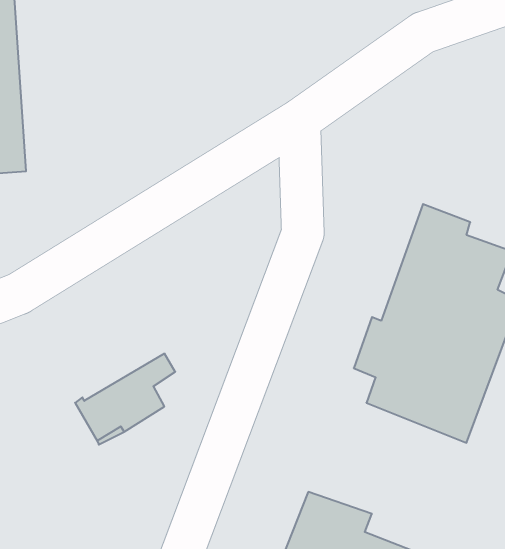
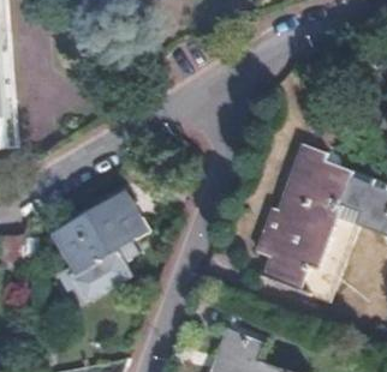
building: none -> [48,193,142,272]

